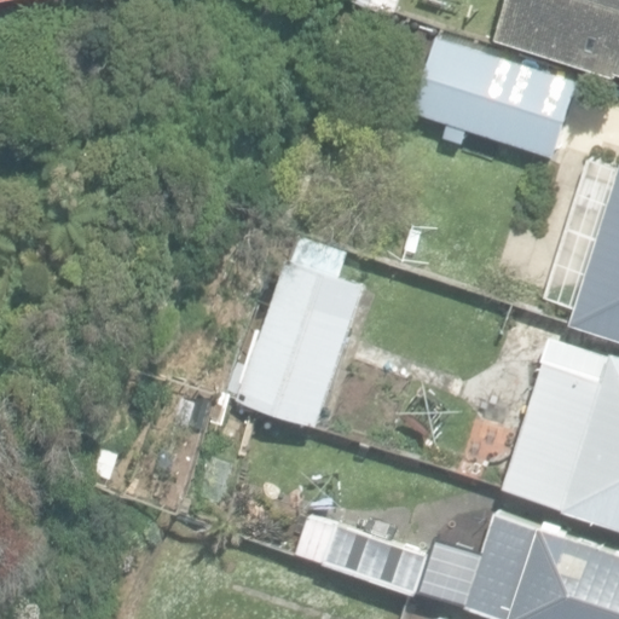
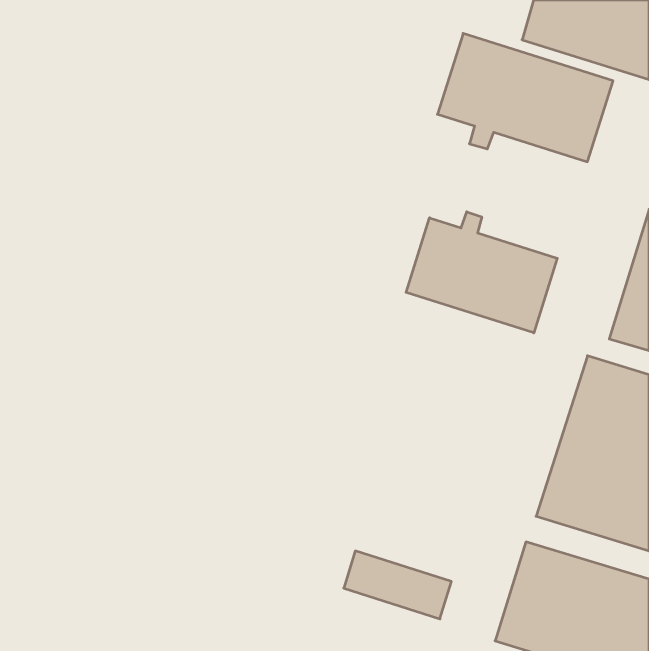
building: none -> [406,212,557,333]
building: [237,260,368,428] -> none

